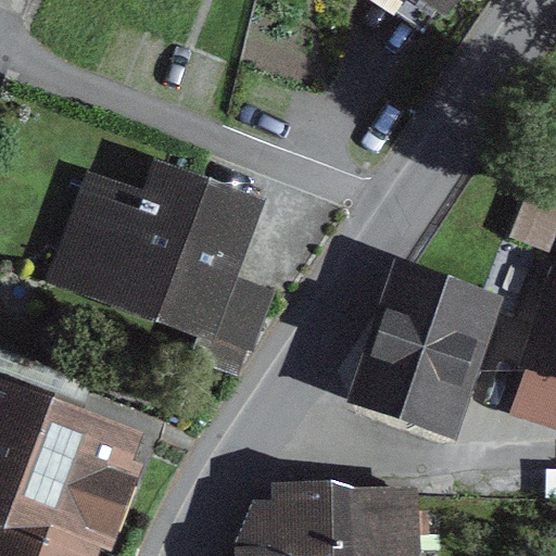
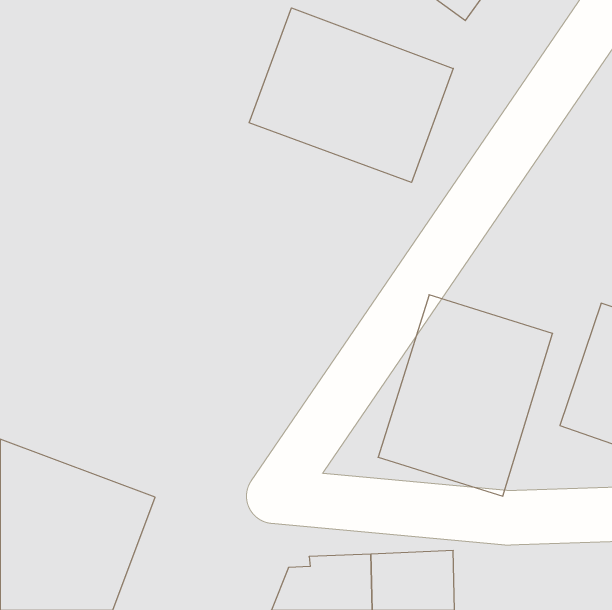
building: none -> [249,8,453,182]
building: [63,173,265,342] -> none

